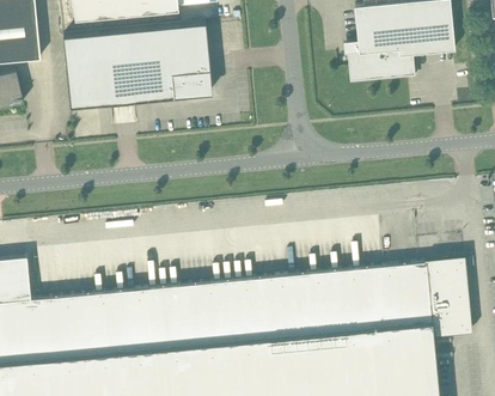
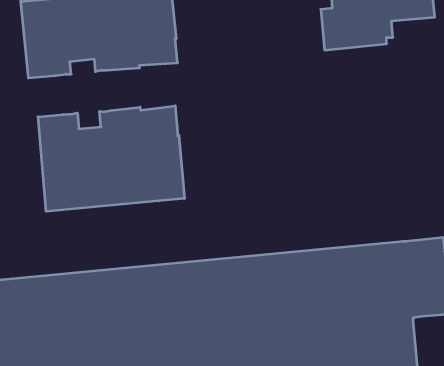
building: none -> [38,106,184,211]

